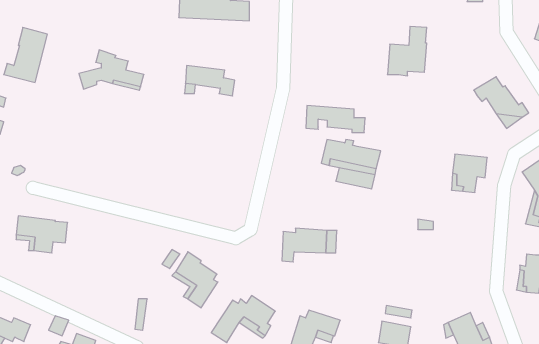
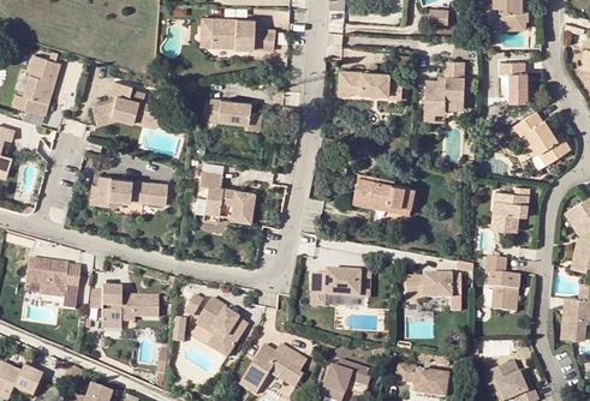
building: none -> [501,61,531,102]
building: [306,106,365,133] -> [338,72,401,101]
building: none -> [198,172,254,222]
building: none -> [89,175,168,207]
building: none -> [485,257,519,311]
building: none -> [403,277,459,303]
building: none -> [97,288,156,328]

